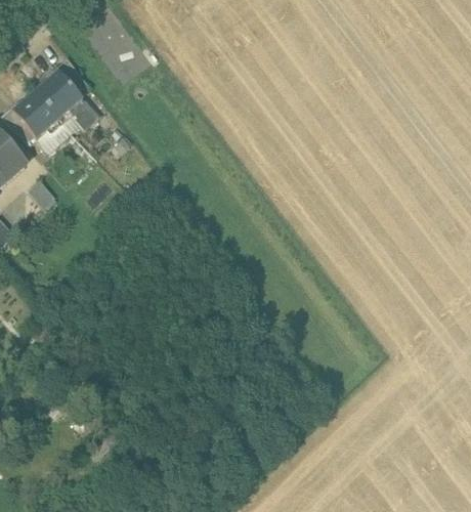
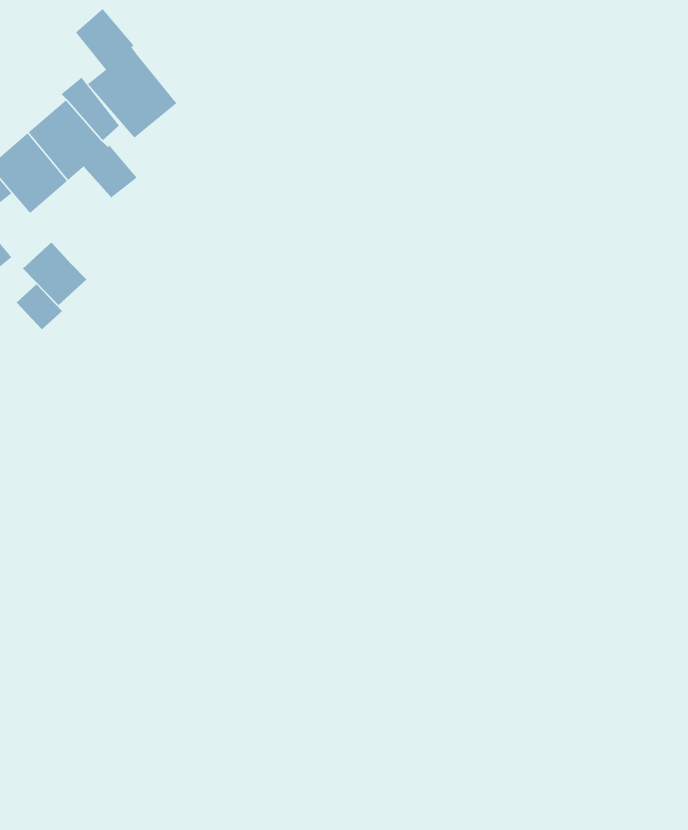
building: none -> [75,8,177,139]
building: none -> [22,242,87,306]

